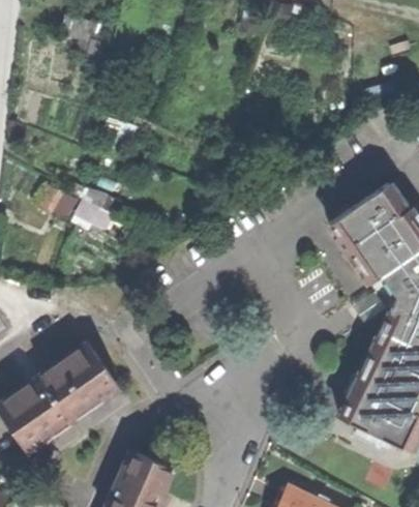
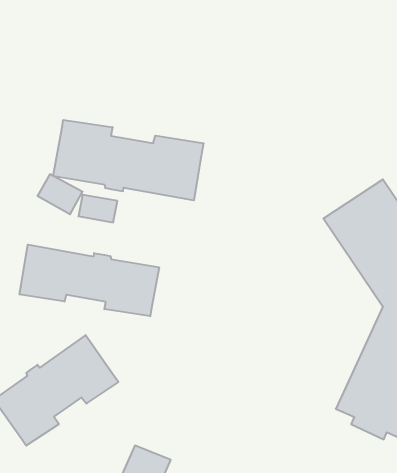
building: none -> [53,120,204,200]
building: none -> [19,245,159,316]

